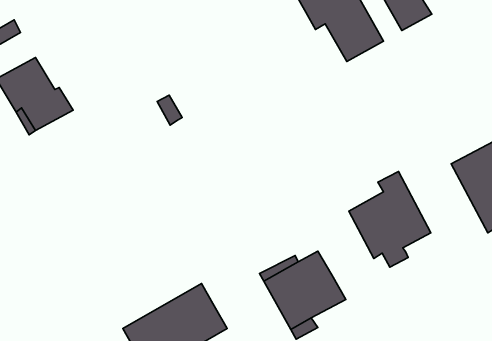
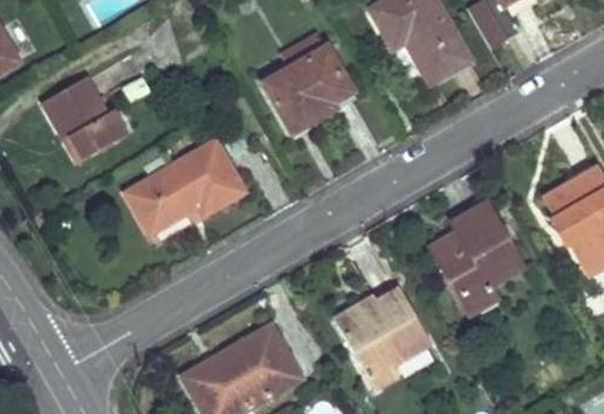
building: none -> [267,44,354,129]
building: none -> [127,139,244,231]

